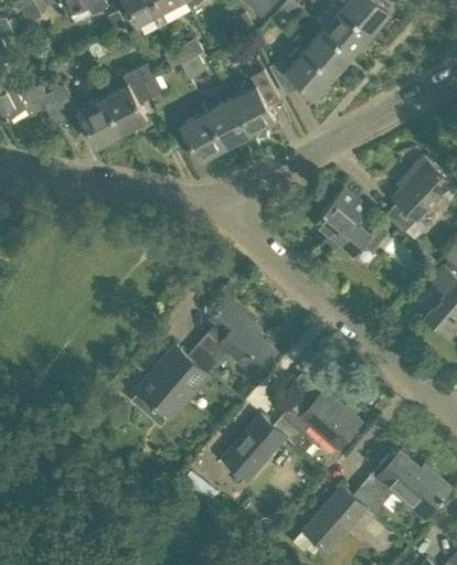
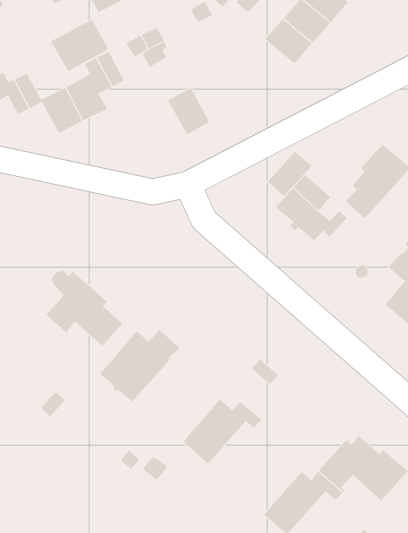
building: none -> [50,19,109,72]
building: [270,51,336,98] -> none
building: [231,71,280,135] -> none
building: [182,113,226,161] -> none
building: none -> [267,151,313,197]
building: [199,299,277,376] -> [46,270,123,347]
building: [280,391,361,448] -> none

